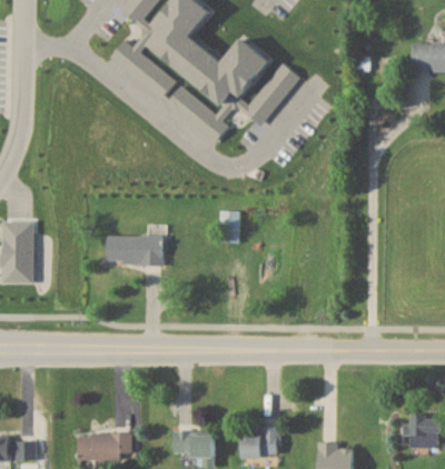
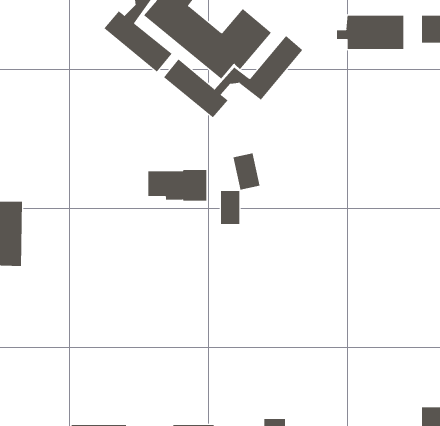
building: none -> [337,15,404,50]
building: none -> [233,152,260,191]
building: [107,234,164,265] -> [148,170,207,201]

